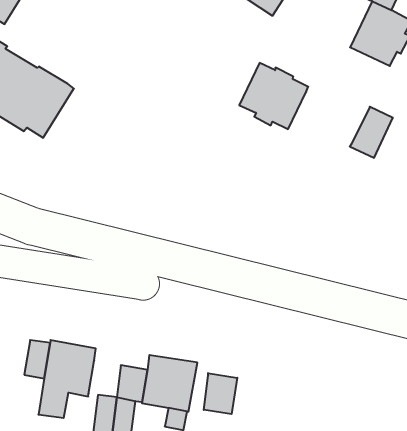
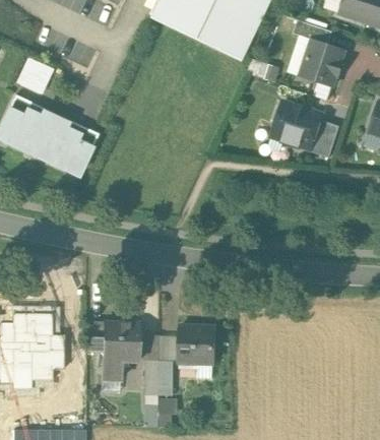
building: [239,63,308,129] -> [271,103,321,149]
building: none -> [137,335,159,361]
building: [204,373,237,414] -> none

